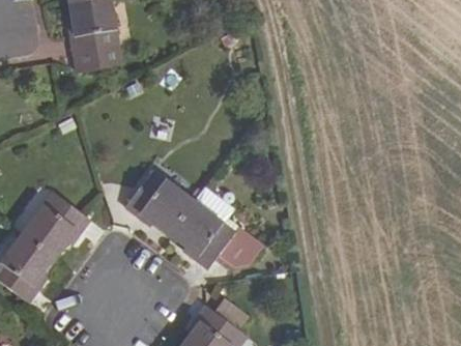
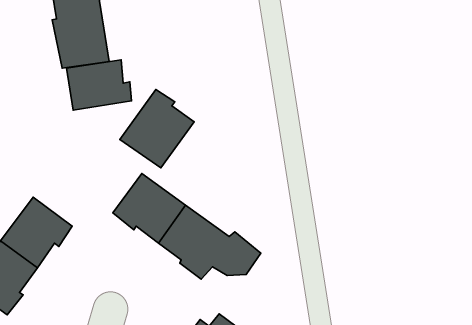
building: none -> [66,60,131,110]
building: none -> [120,90,194,168]

